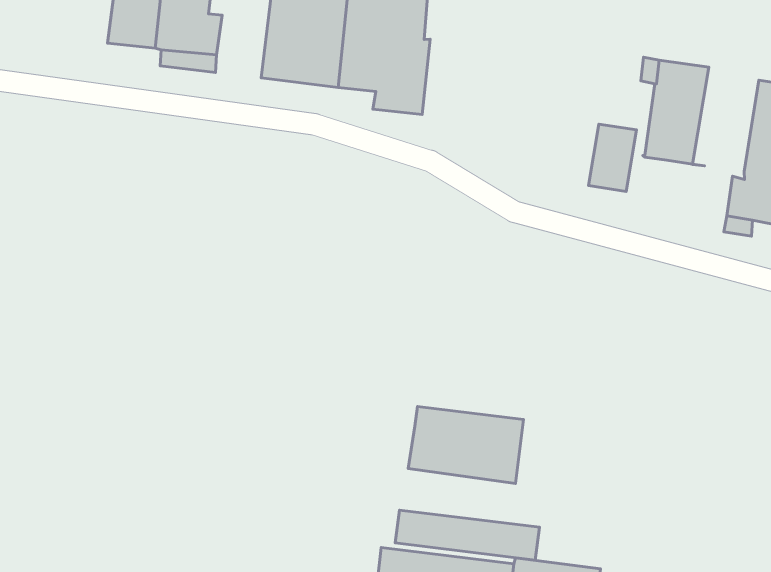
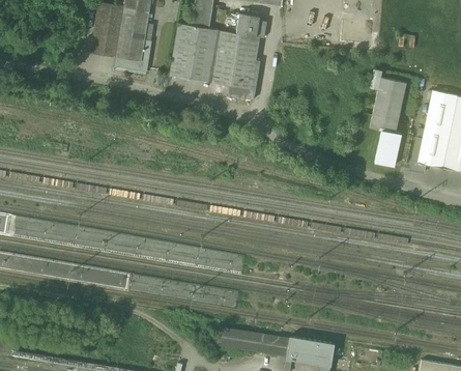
building: [588,124,637,191] -> [374,130,401,166]
building: [408,406,523,484] -> none
building: [395,510,540,560] -> none

